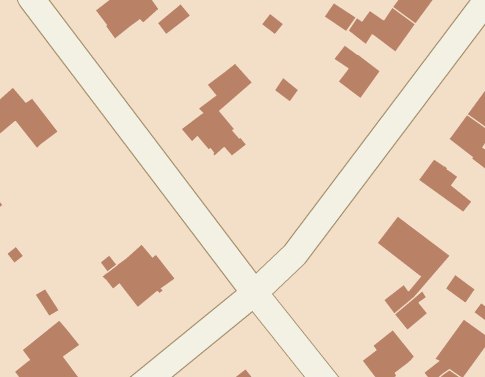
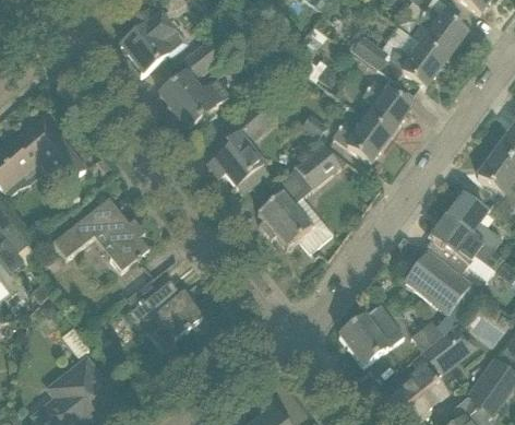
building: none -> [159,73,230,128]
building: none -> [334,116,390,162]
building: none -> [258,144,342,250]
building: none -> [53,197,149,269]
building: none -> [428,214,503,270]
building: none -> [339,306,405,365]

